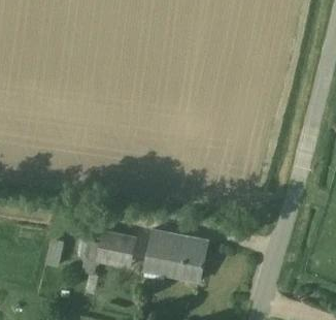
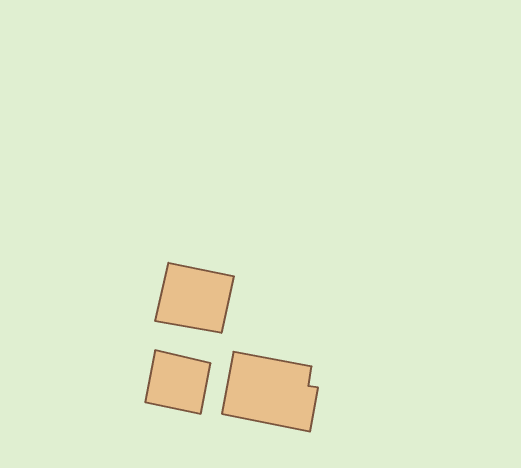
building: none -> [155,263,234,333]

